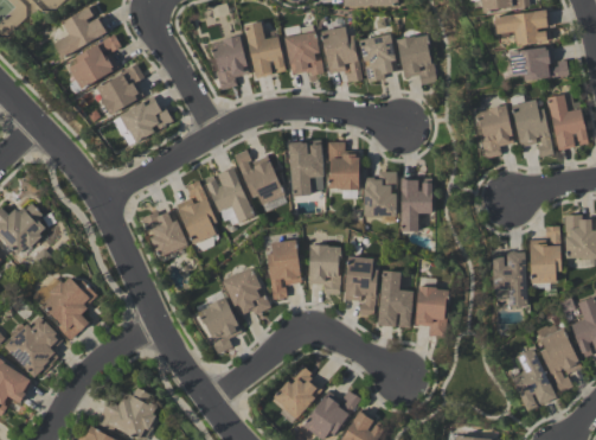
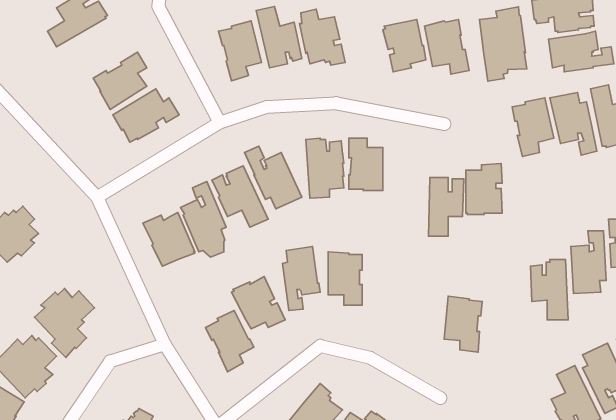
building: none -> [480,7,527,81]
building: [321,26,363,81] -> none
building: [70,33,122,89] -> none
building: [364,170,397,216] -> [466,164,502,214]
building: [344,256,378,314] -> none
building: [378,270,414,326] -> none

